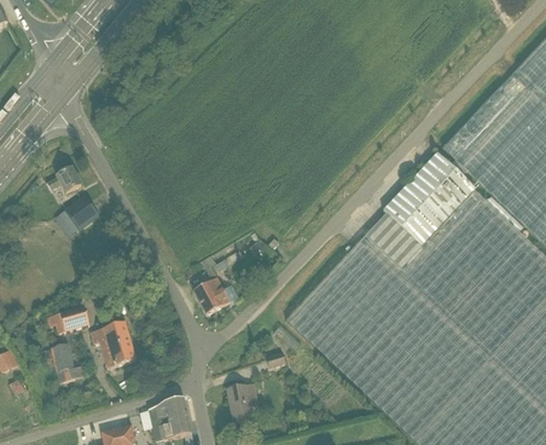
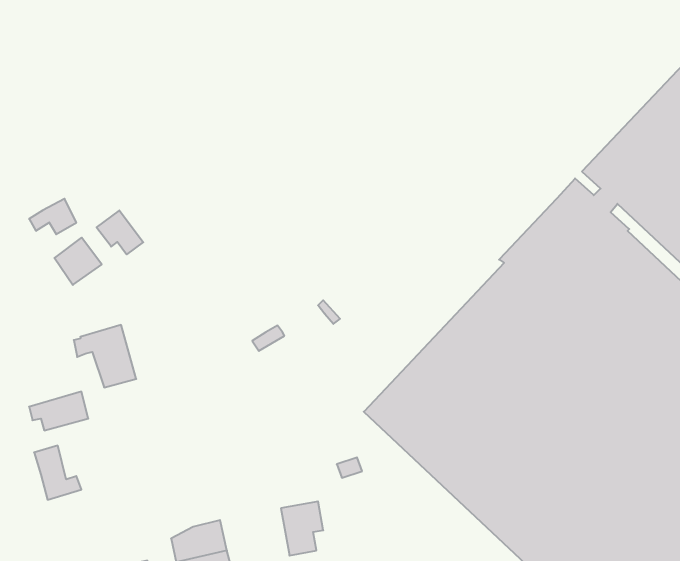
building: none -> [97,210,143,254]
building: [193,277,238,314] -> none
building: [92,320,136,365] -> [74,325,136,387]

